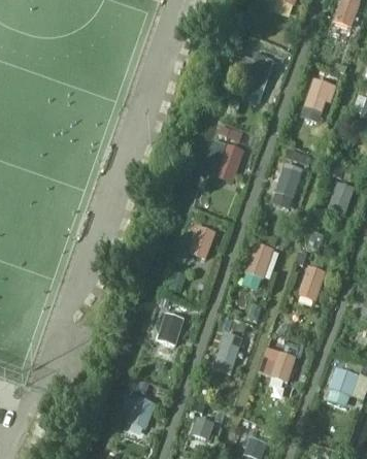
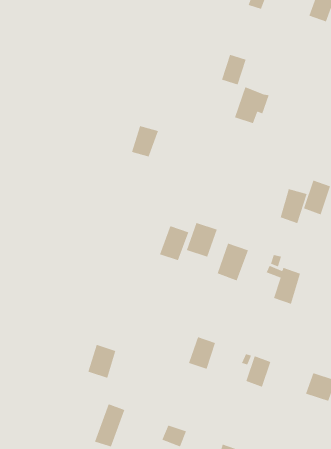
building: [302,77,336,113] -> [234,87,269,124]
building: [215,143,242,174] -> [131,125,159,157]
building: [274,163,301,197] -> [280,189,307,224]
building: none -> [186,222,217,257]
building: [156,313,184,346] -> [88,344,116,378]

